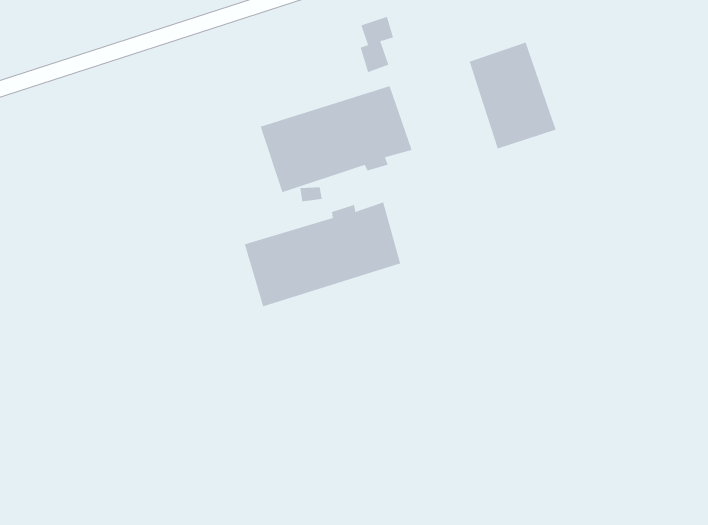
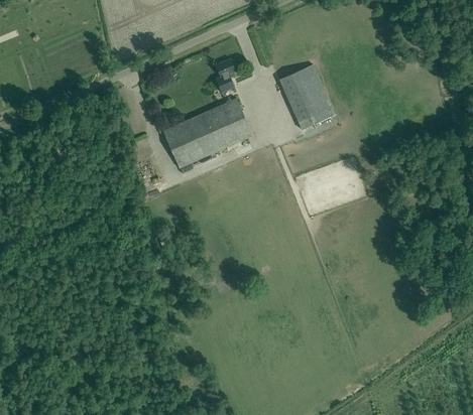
building: [244,202,401,307] -> none

